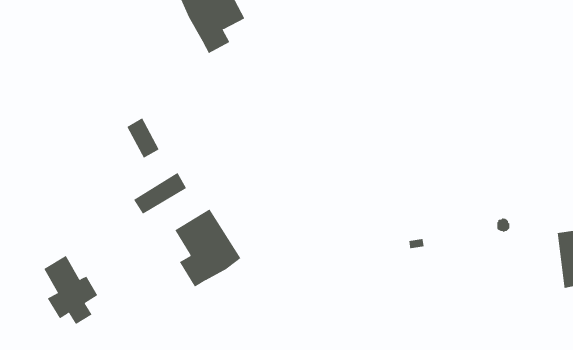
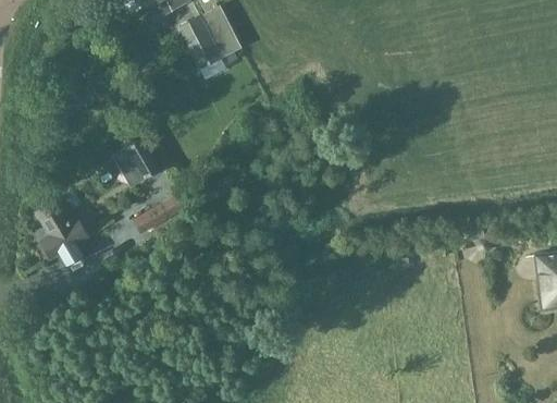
building: [174,208,241,287] -> none
building: [43,255,98,325] -> [36,200,88,267]

